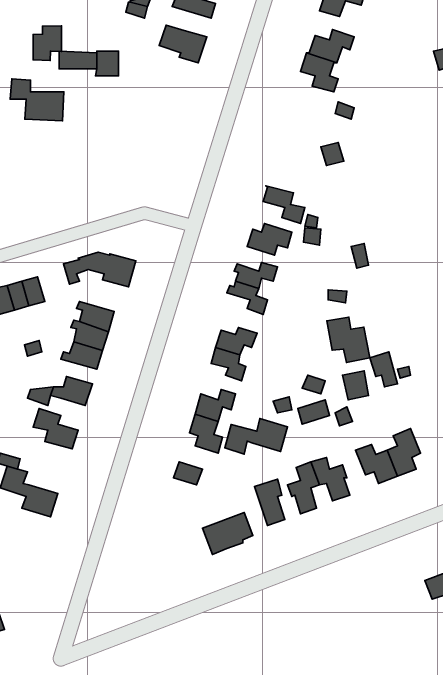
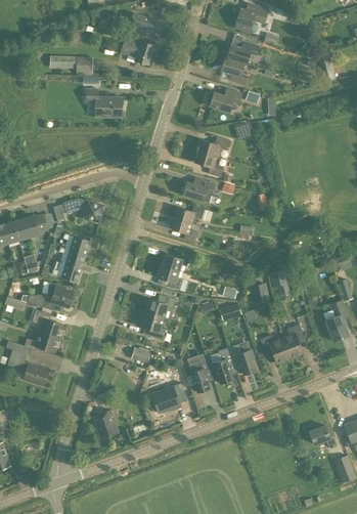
building: [33,26,61,60] -> none
building: [10,79,64,121] -> [85,88,123,118]
building: none -> [210,89,241,112]
building: none -> [196,136,229,157]
building: [327,317,370,363] -> none
building: [225,419,288,454] -> none
building: none -> [25,333,59,352]
building: none -> [92,411,119,439]

